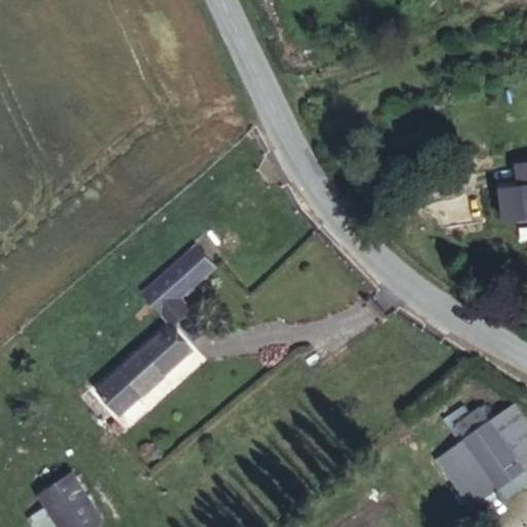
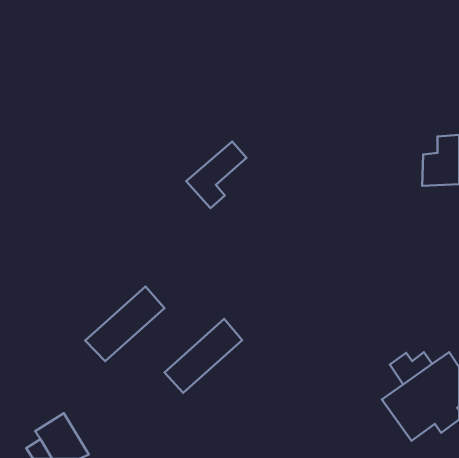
building: [145,248,214,324] -> [186,142,246,208]
building: none -> [164,319,242,393]

